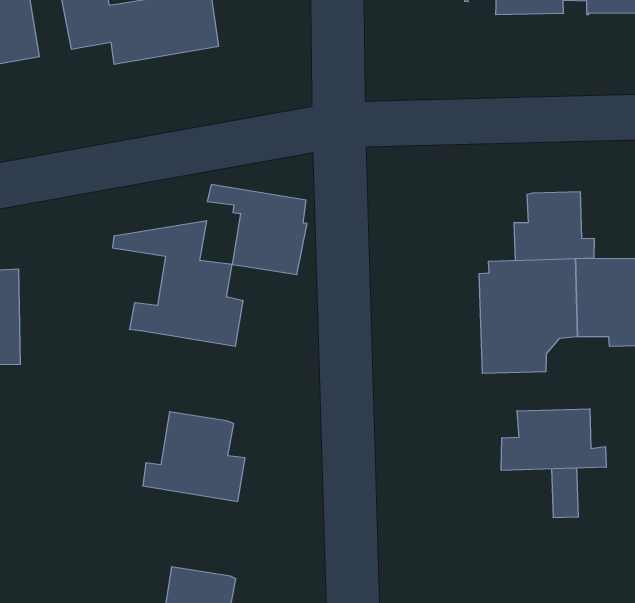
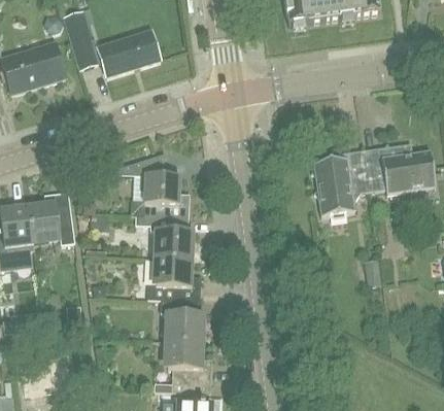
building: [207,185,307,275] -> [135,215,190,258]
building: [514,192,594,261] -> none
building: [501,409,606,470] -> none
building: none -> [147,298,201,340]

